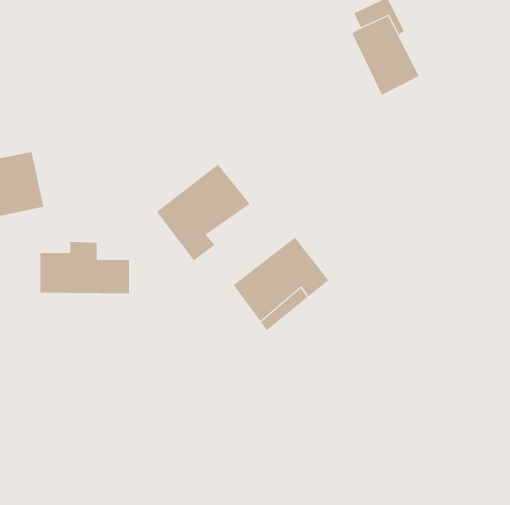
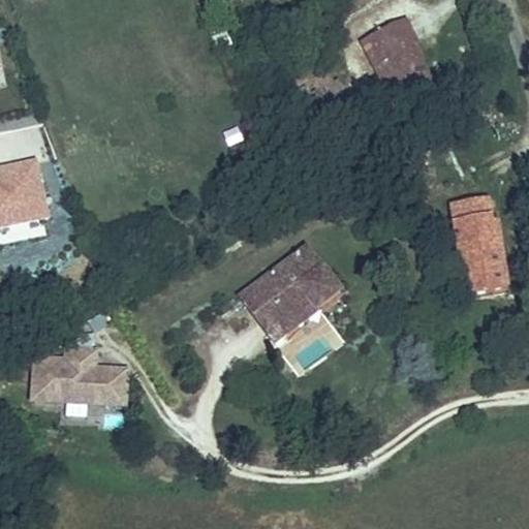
building: [156,164,251,261] -> none
building: none -> [457,198,501,284]
building: [39,241,130,294] -> [41,353,134,407]

